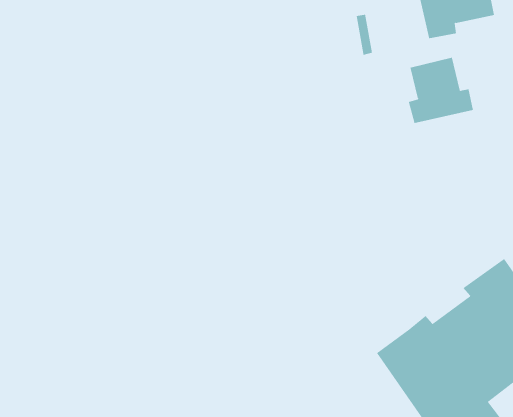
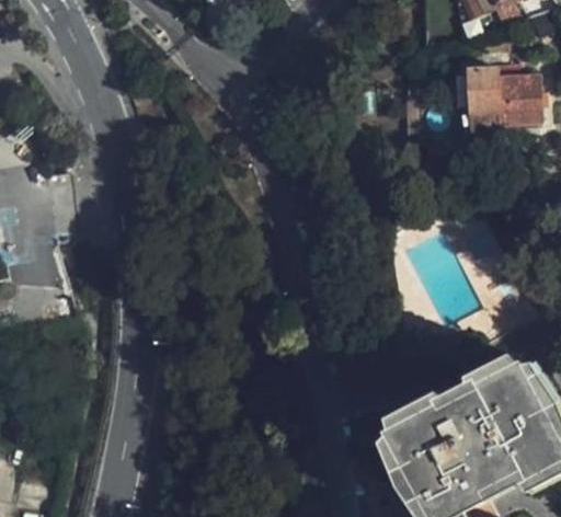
building: [408,57,474,124] -> none

